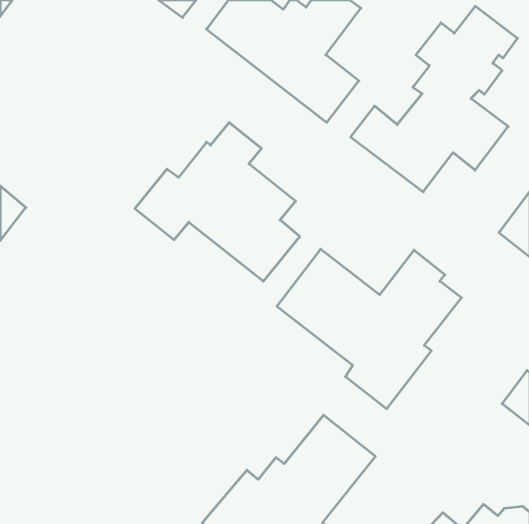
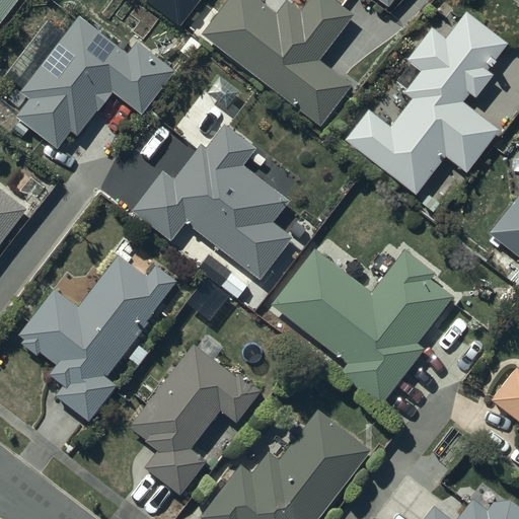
building: none -> [17,18,175,148]
building: none -> [18,255,177,421]
building: none -> [130,344,257,494]

